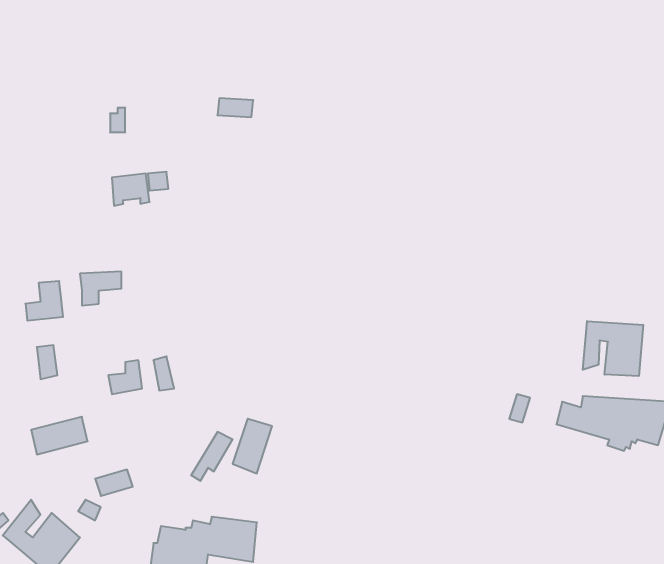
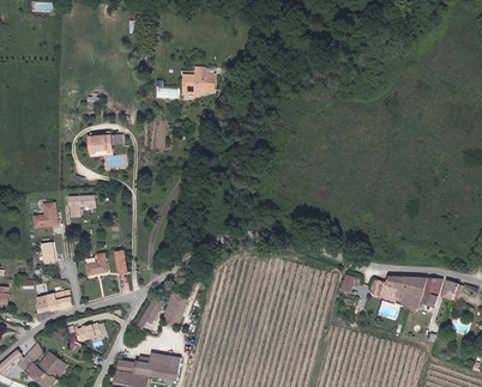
building: none -> [182,66,215,93]
building: [583,321,643,376] -> none

